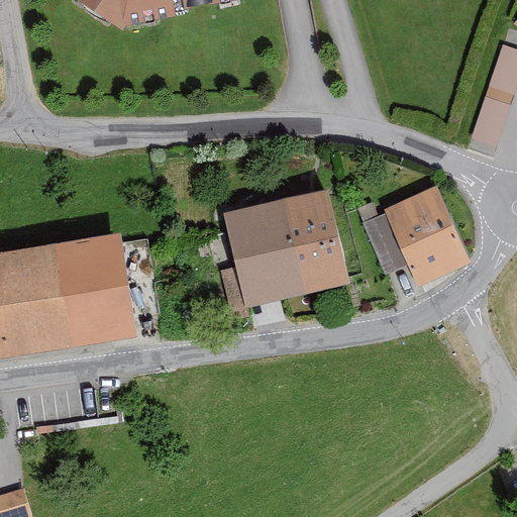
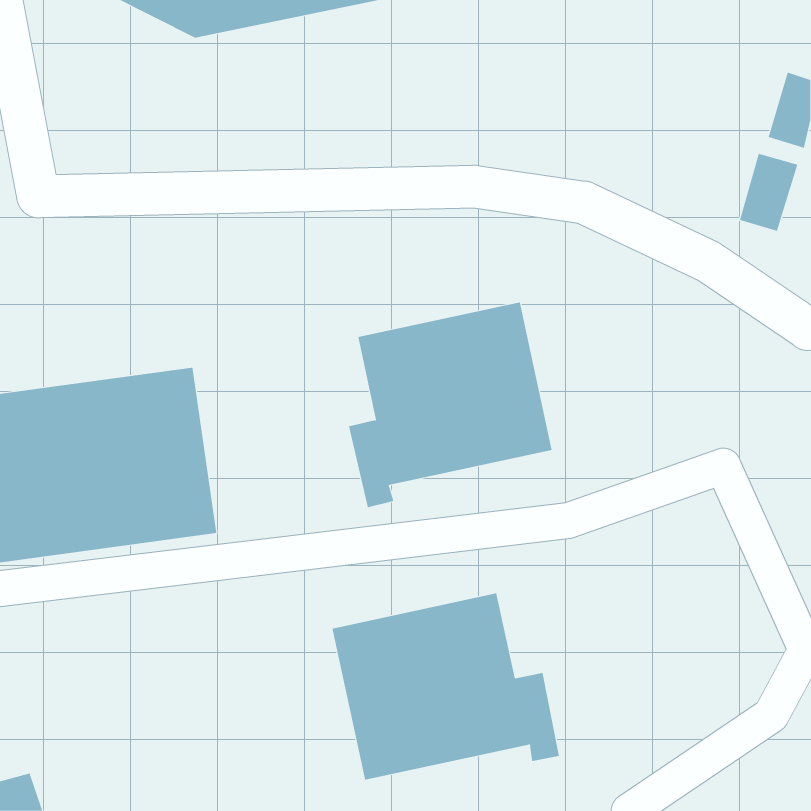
building: [363,188,466,284] -> none
building: none -> [332,593,560,781]

